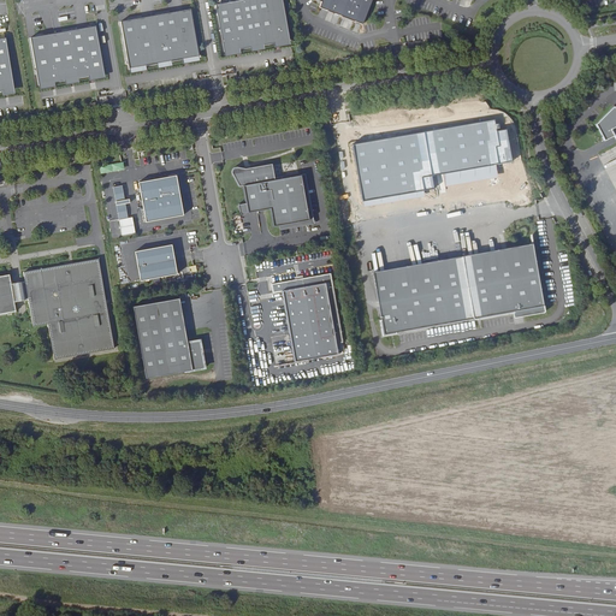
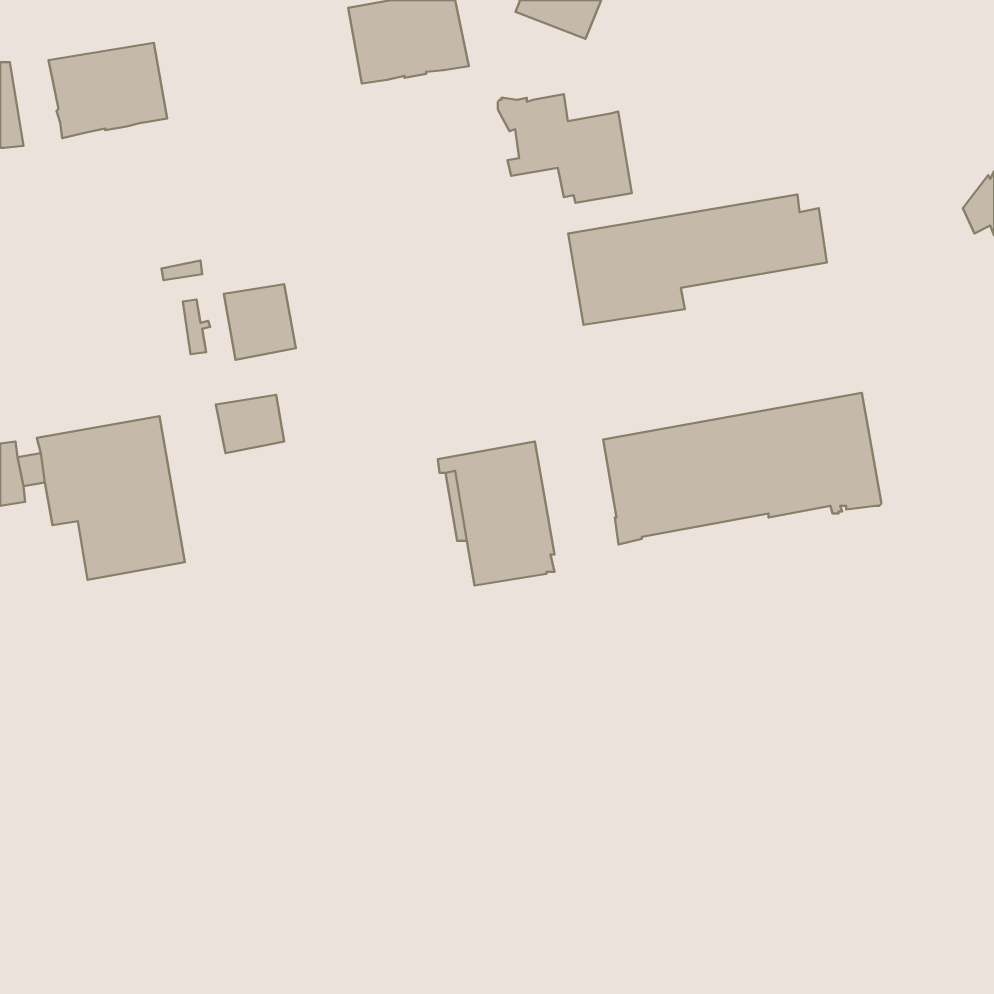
building: [120,10,199,69] -> none
building: [231,162,314,230] -> [498,94,632,203]
building: [134,298,205,378] -> none

